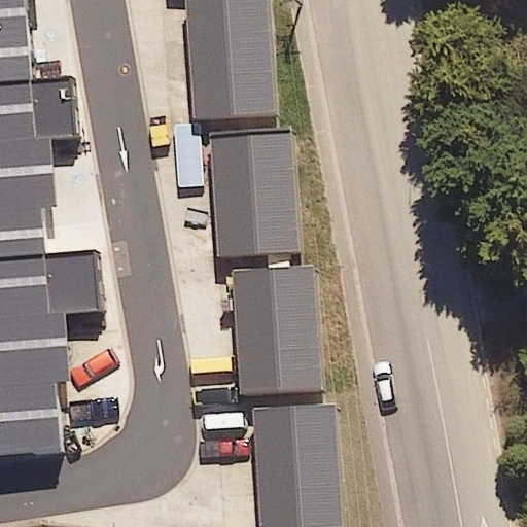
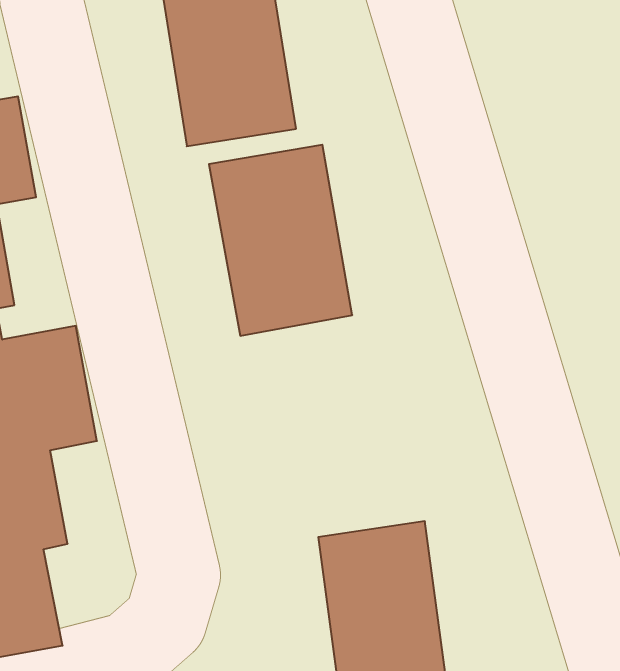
building: [230,266,317,392] -> none

